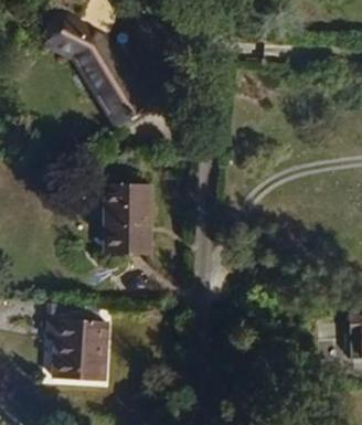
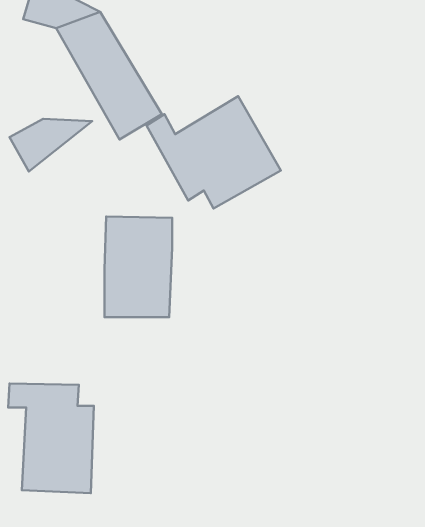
building: none -> [146,96,281,209]
building: none -> [9,119,92,171]

